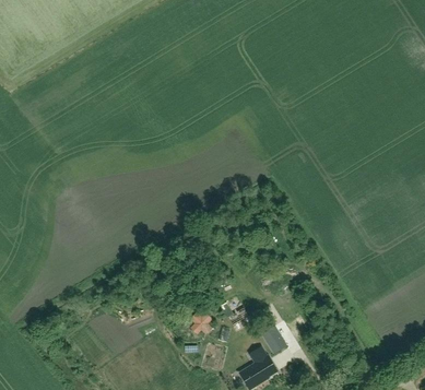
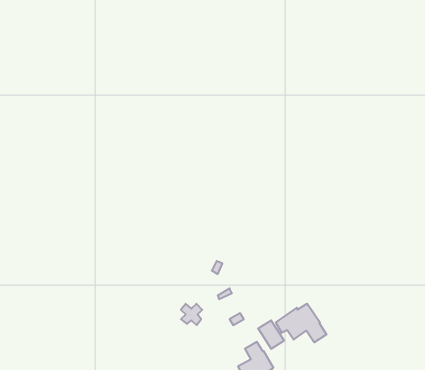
building: none -> [276,304,326,342]

